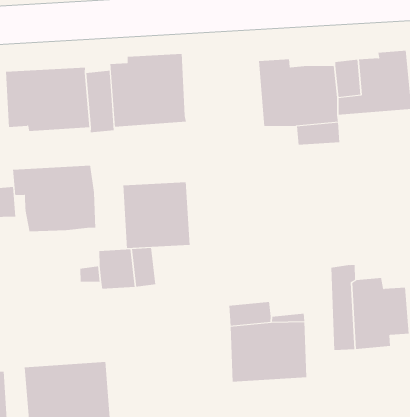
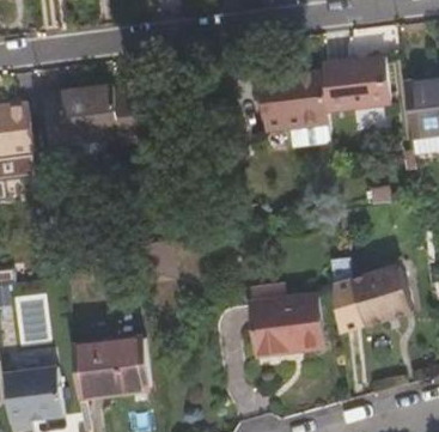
building: [110,53,186,127] -> none
building: [13,165,96,232] -> none
building: [123,182,190,249] -> none

